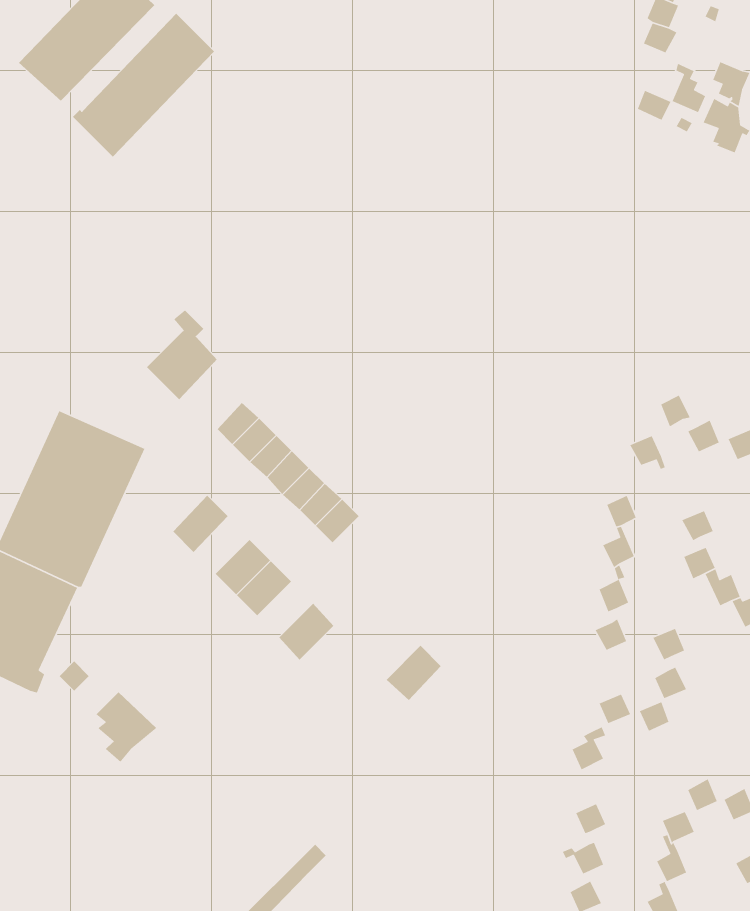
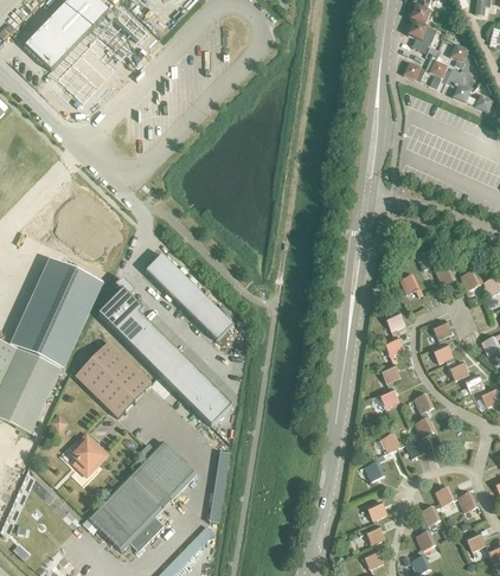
building: [146,309,218,400] -> [98,279,142,334]
building: none -> [132,325,166,360]
building: none -> [75,341,150,418]
building: none -> [171,365,205,399]
building: [386,645,442,701] -> [197,392,231,427]
building: none -> [86,440,197,551]

